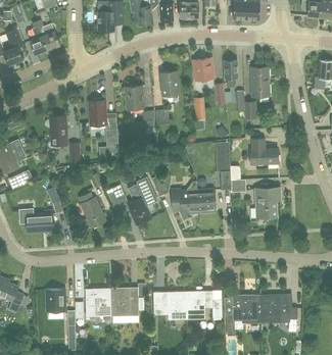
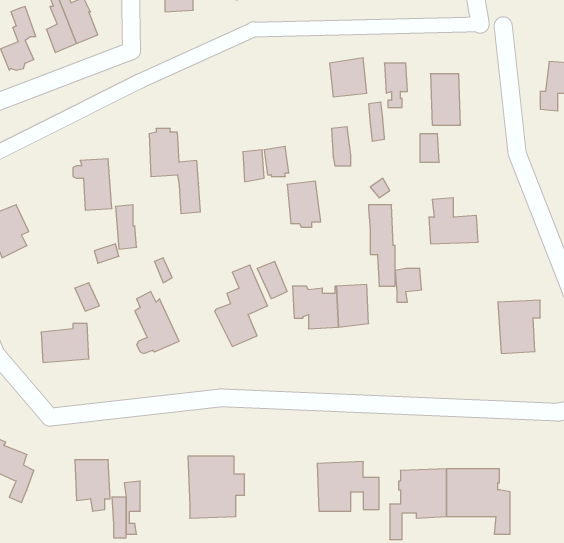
building: [160,70,180,97] -> [287,181,321,227]
building: [125,85,144,109] -> none
building: [255,187,280,217] -> [498,300,540,353]
building: [86,287,112,315] -> none
building: [153,291,187,319] -> none

